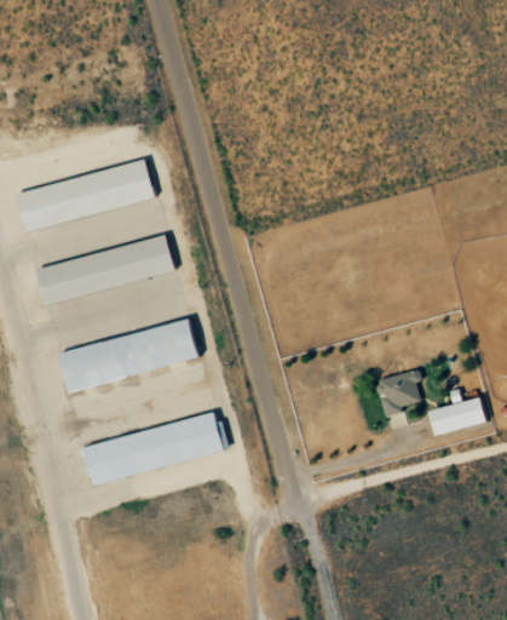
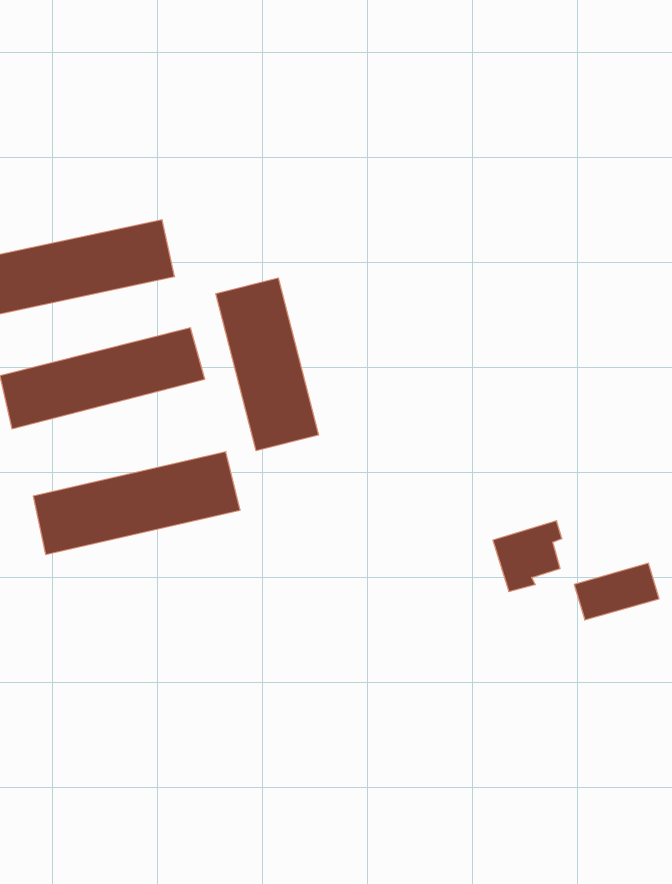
building: none -> [216,278,319,451]
building: [77,413,224,483] -> none

